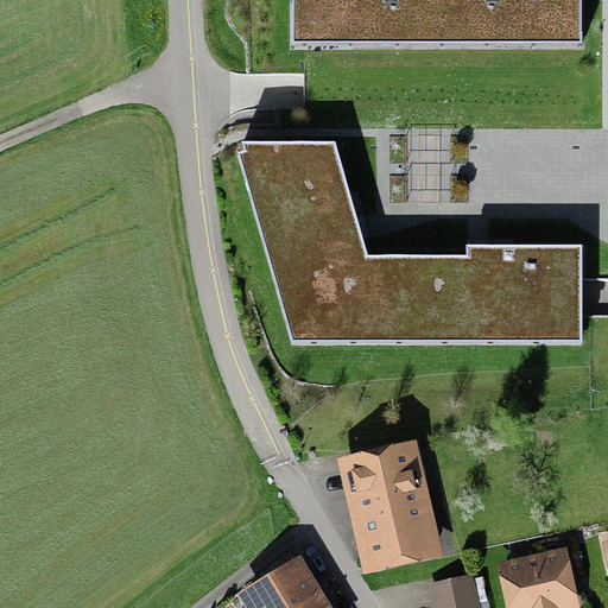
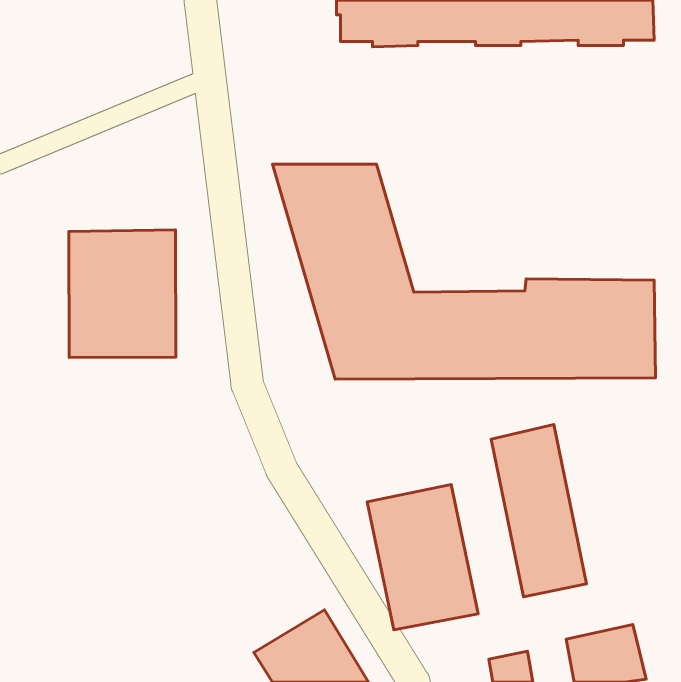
building: none -> [69,230,176,358]
building: none -> [491,425,587,597]

